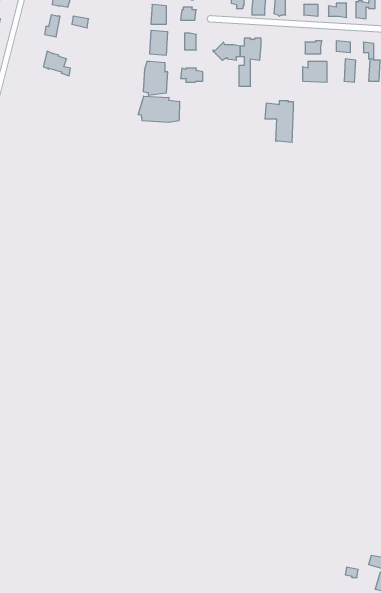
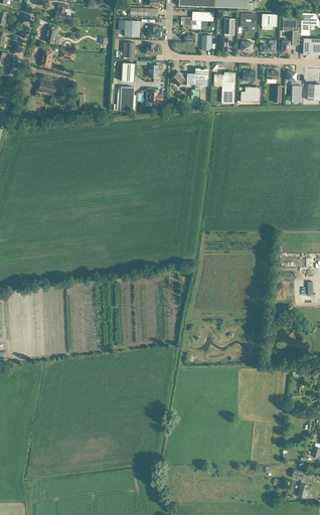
building: [138,96,180,122] -> none
building: [265,101,294,142] -> [212,71,234,104]

